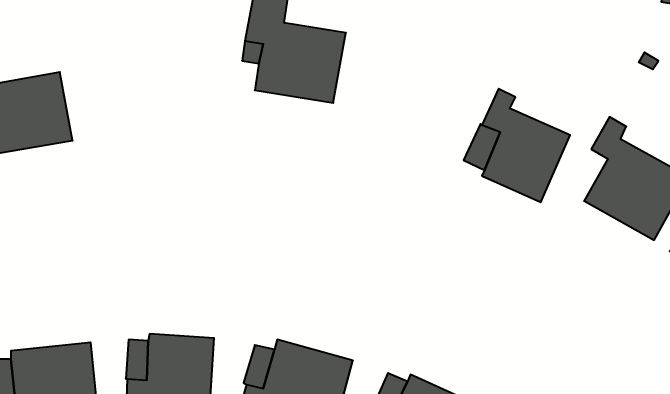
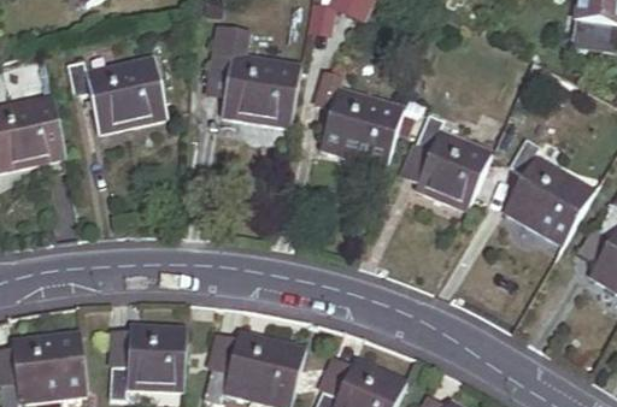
building: none -> [67,57,166,130]
building: none -> [316,71,405,166]

